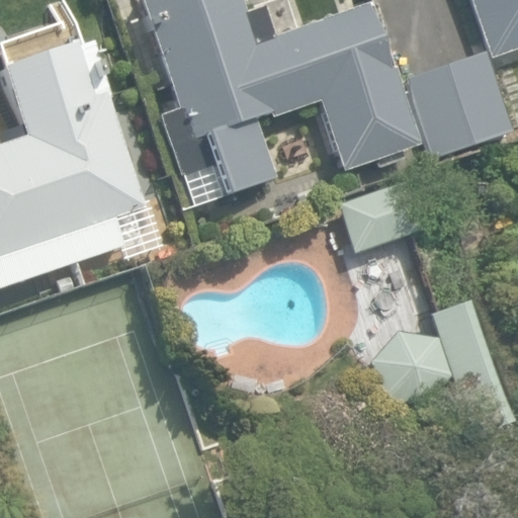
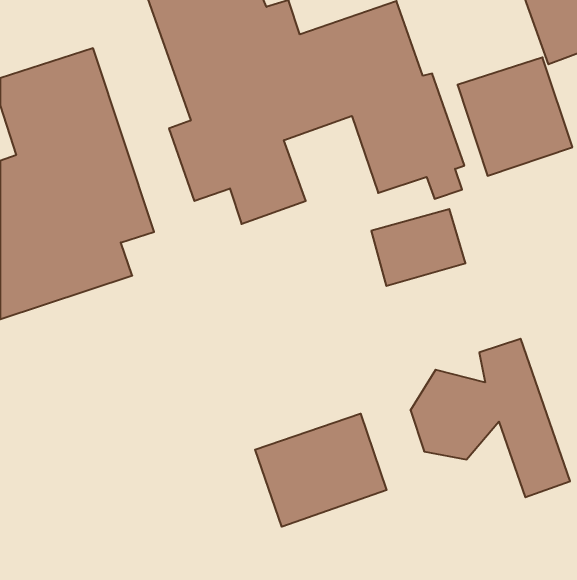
building: none -> [255,414,387,527]

